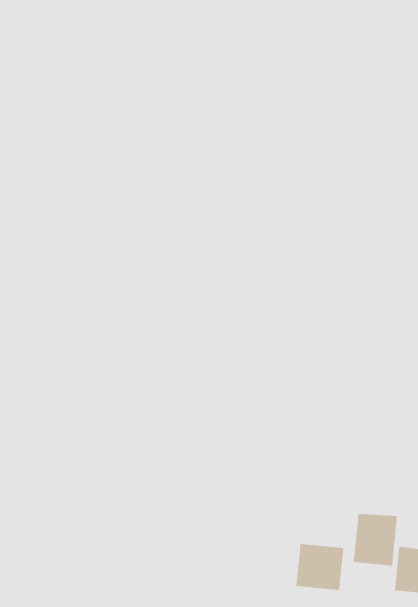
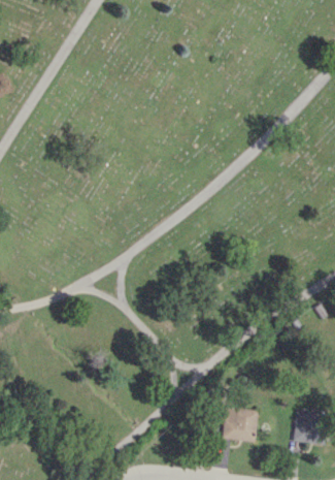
building: [353,513,398,566] -> none

